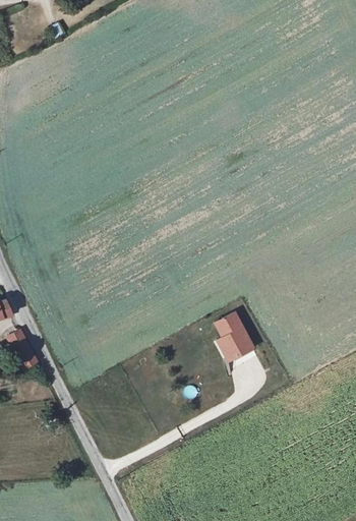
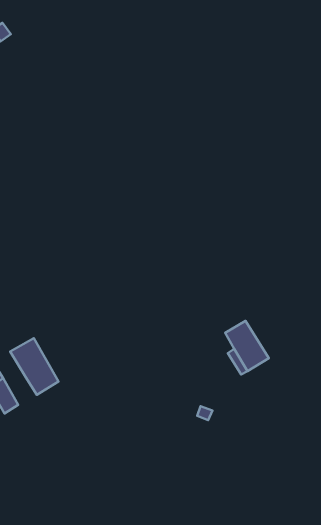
building: none -> [10,338,59,395]

